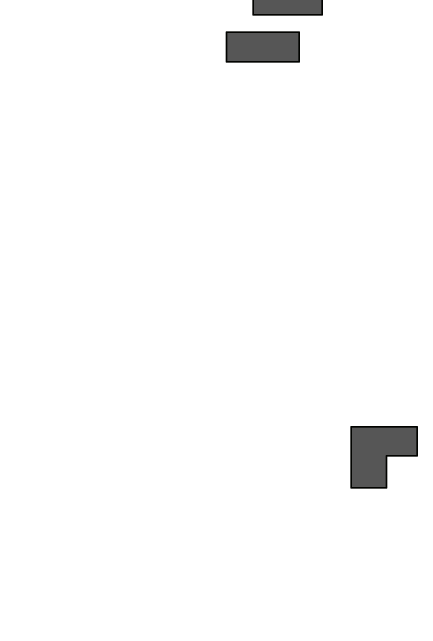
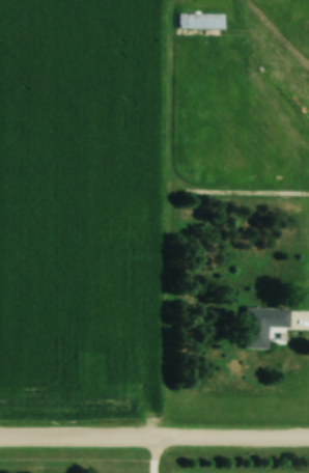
building: [226,32,299,62] -> none

